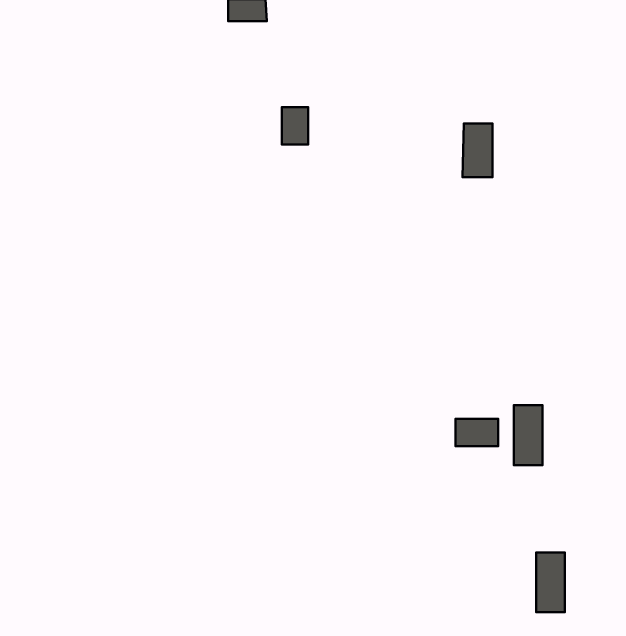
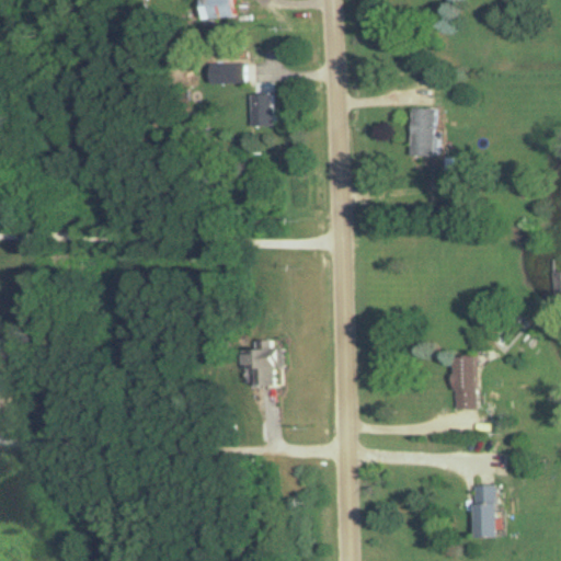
building: none -> [217,62,244,83]
building: none -> [237,341,282,386]
building: [456,419,498,446] -> none

